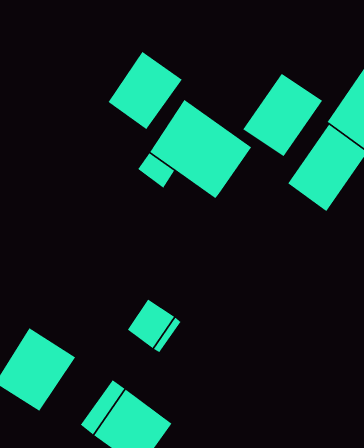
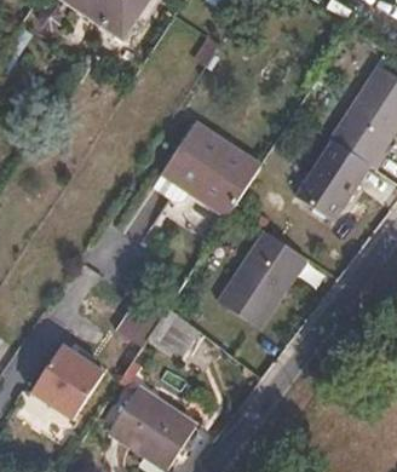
building: [107,51,183,130] -> none
building: [242,73,323,157] -> none
building: none -> [218,232,309,333]

